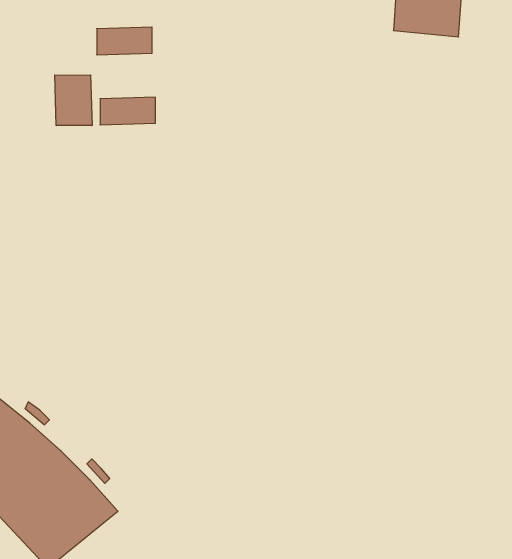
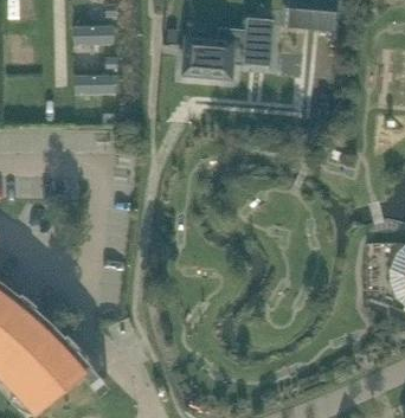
building: none -> [184,19,272,77]
building: [55,75,92,126] -> none

